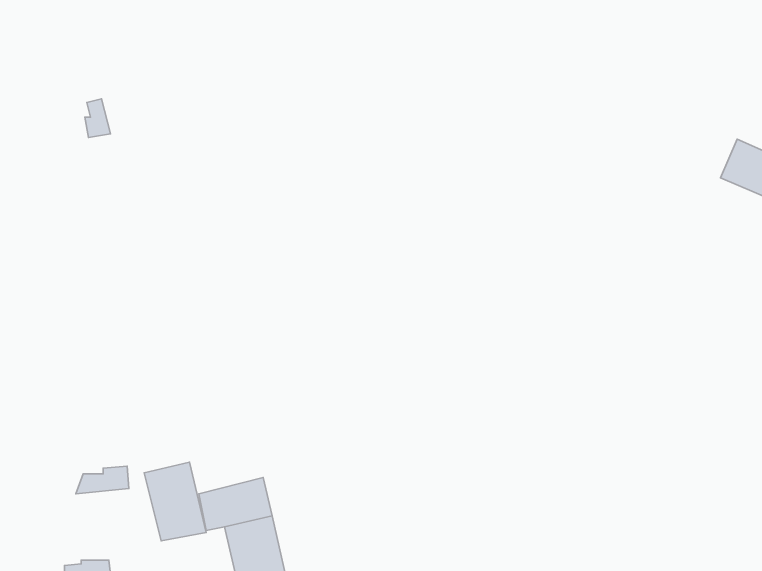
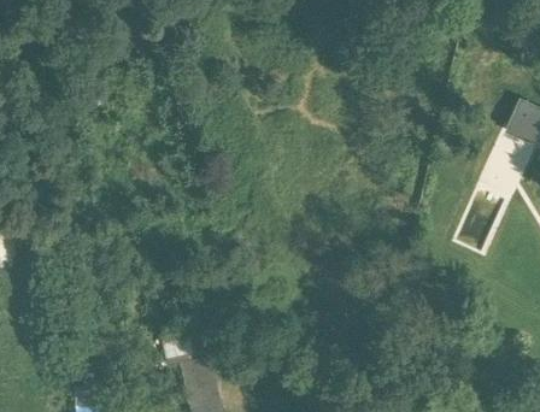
building: [144,462,206,541] -> none

